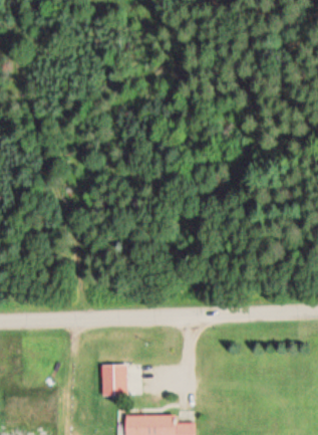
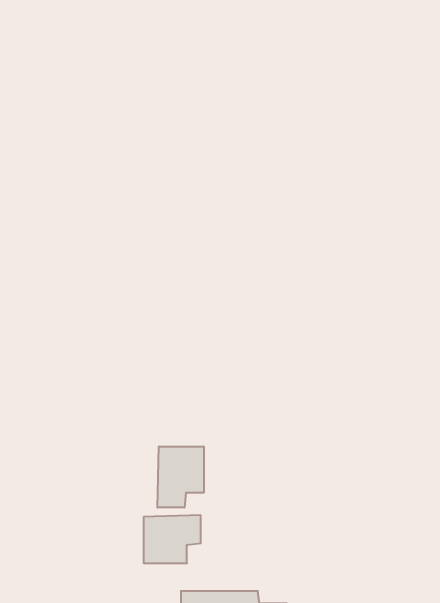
building: none -> [157,446,204,508]

